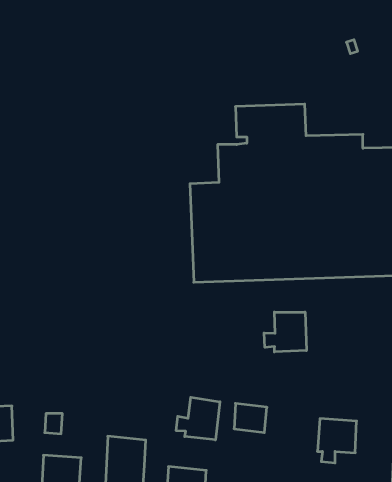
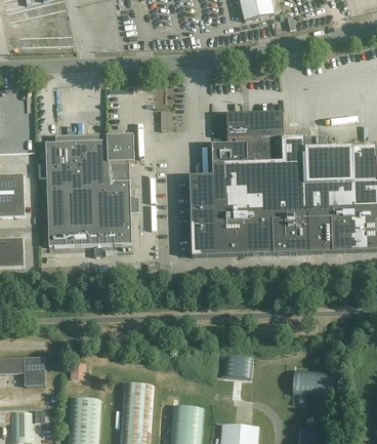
building: none -> [46,133,139,247]
building: [264,312,306,352] -> none
building: [176,397,220,440] -> none

